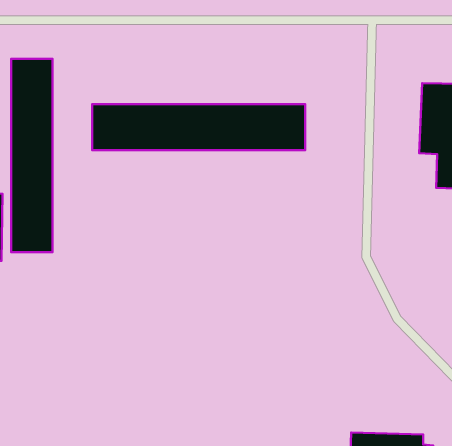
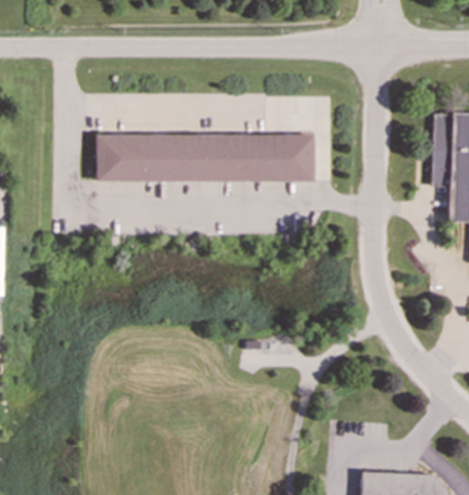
building: [11,59,52,252] -> none

